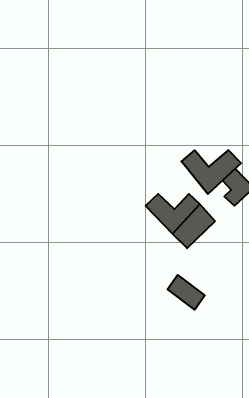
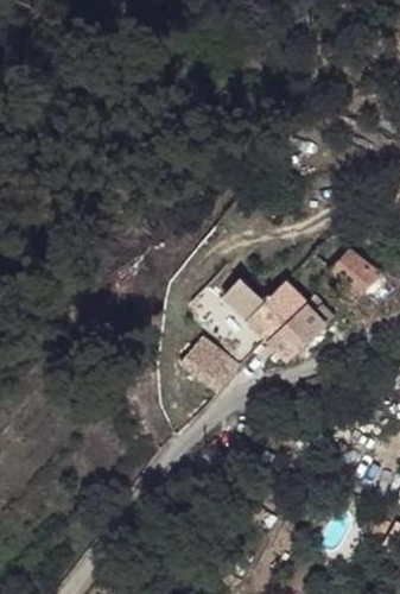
building: [181,150,241,194] -> none
building: [168,275,205,310] -> [188,336,240,385]

